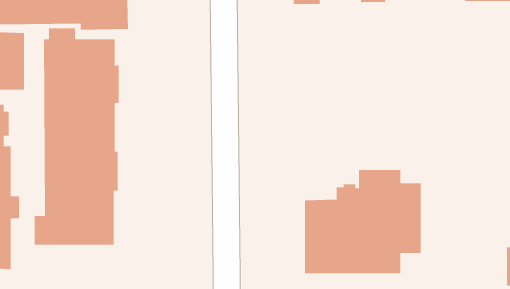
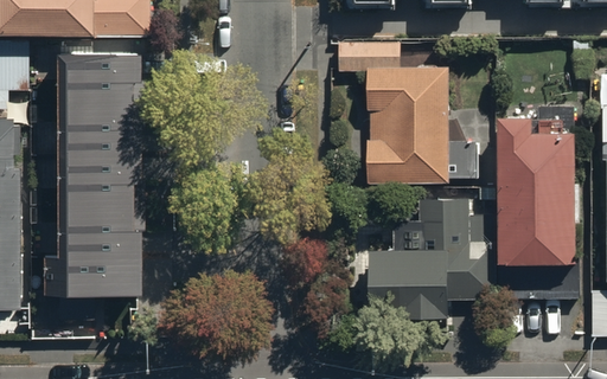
building: none -> [345,43,480,184]
building: none -> [479,107,580,300]

